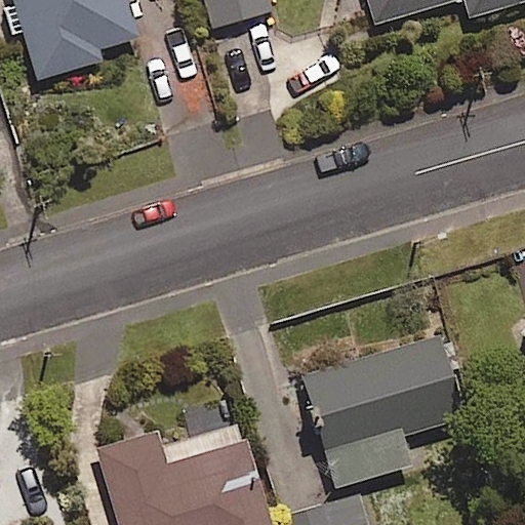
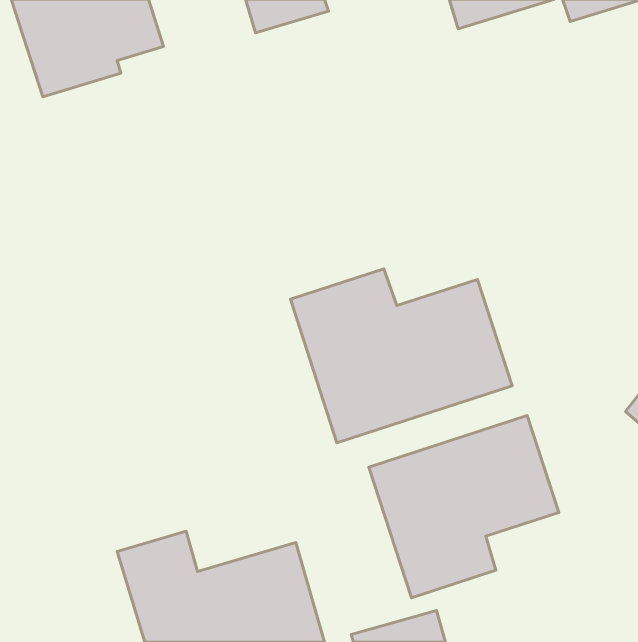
building: none -> [290,269,512,443]

